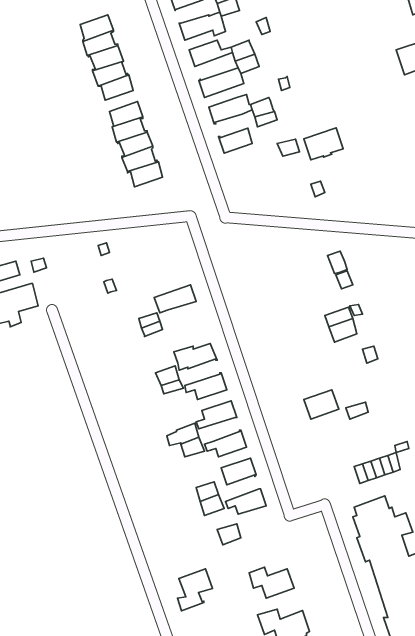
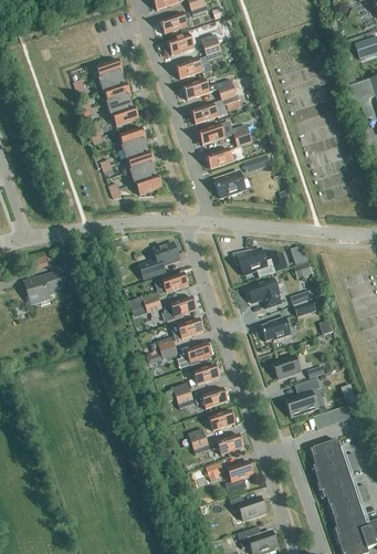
building: [304,128,343,160] -> [214,171,245,197]
building: none -> [138,243,179,279]
building: none -> [233,248,286,276]
building: none -> [248,279,281,307]
building: none -> [164,295,197,322]
building: none -> [260,316,291,341]
building: none -> [285,378,321,417]
building: [177,569,212,611] -> [226,460,253,493]

